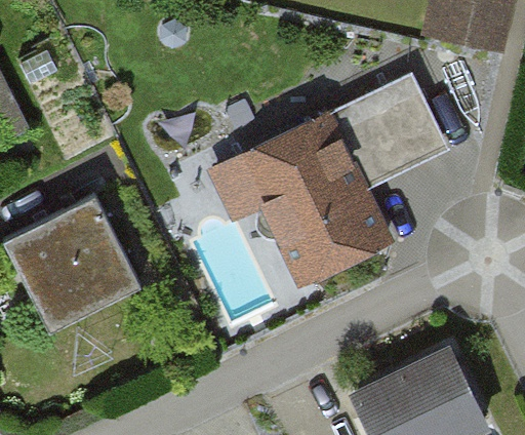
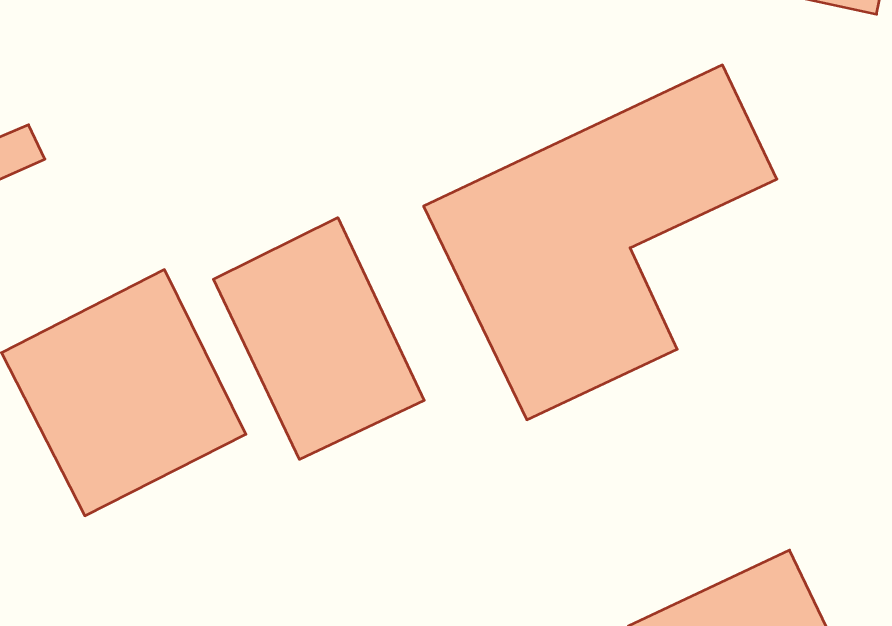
building: none -> [213,218,424,459]

